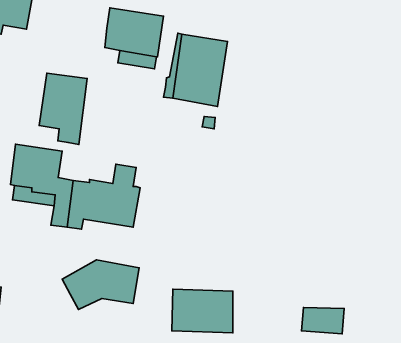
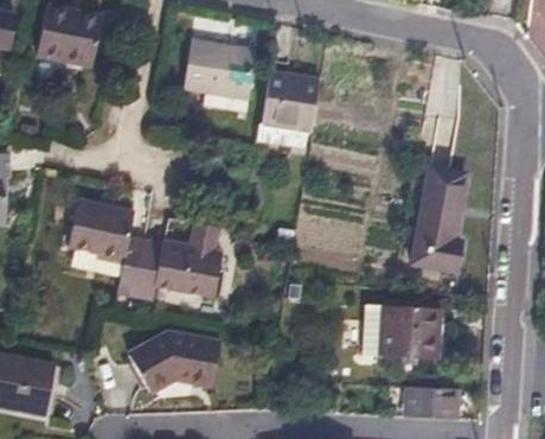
building: [39,73,87,144] -> none
building: none -> [413,167,466,272]
building: [172,289,233,333] -> [367,308,438,360]

